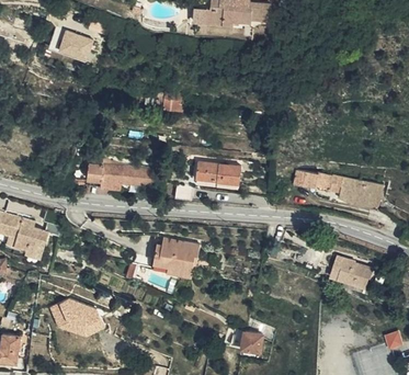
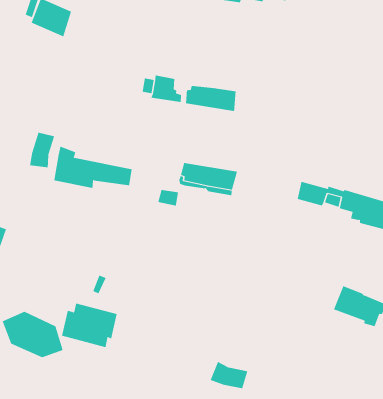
building: none -> [186,85,236,112]
building: none -> [30,132,55,168]
building: [152,239,198,275] -> [61,303,118,348]

